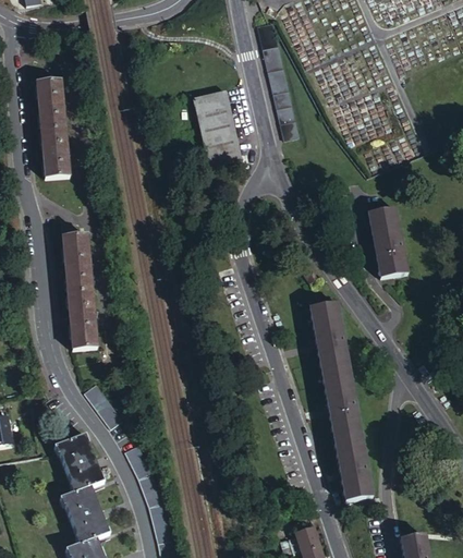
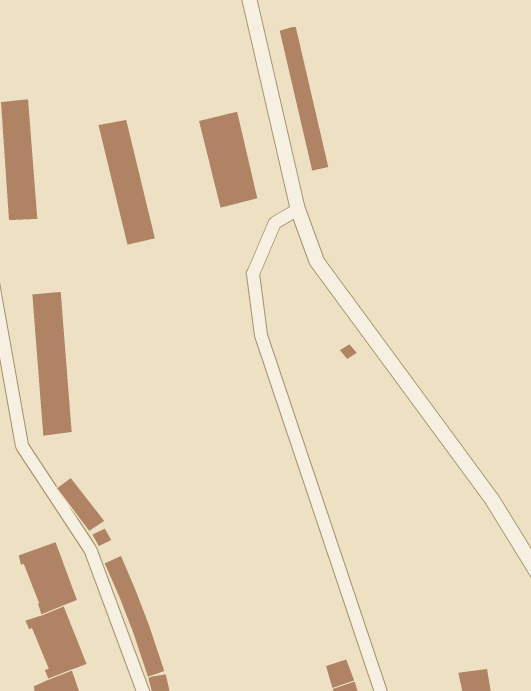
building: none -> [98,119,155,245]
building: [378,208,413,274] -> none
building: [317,310,374,500] -> none

